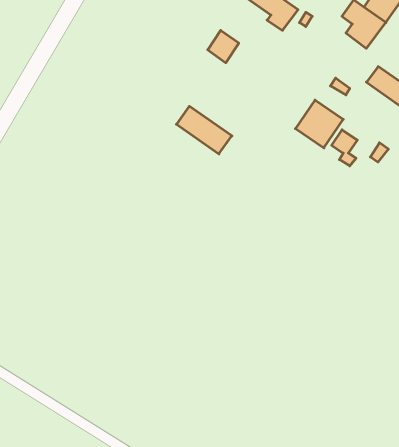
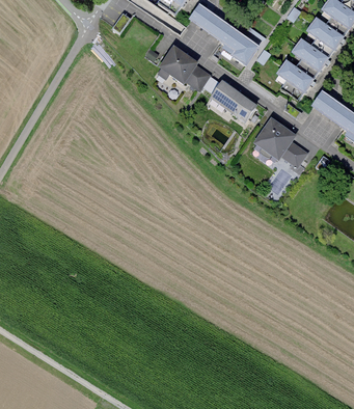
building: none -> [161,48,195,82]
building: none -> [277,60,312,101]
building: [176,106,232,154] -> [211,82,255,120]

